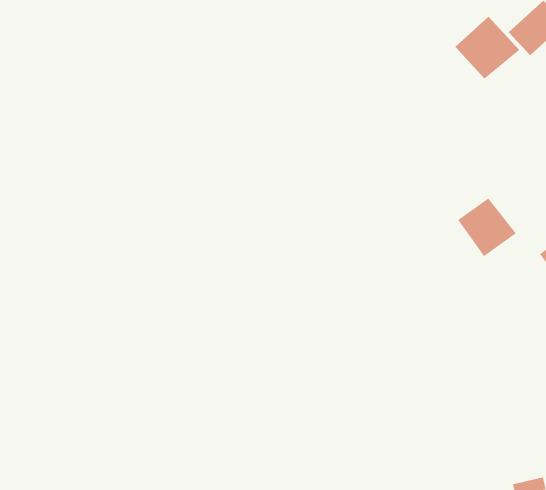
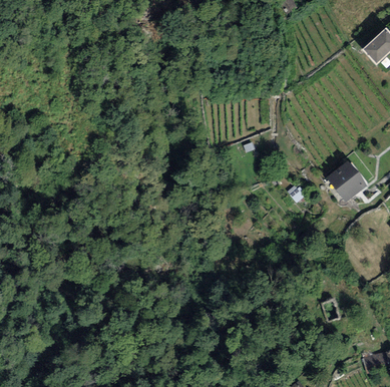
building: [454,16,520,80] -> none

